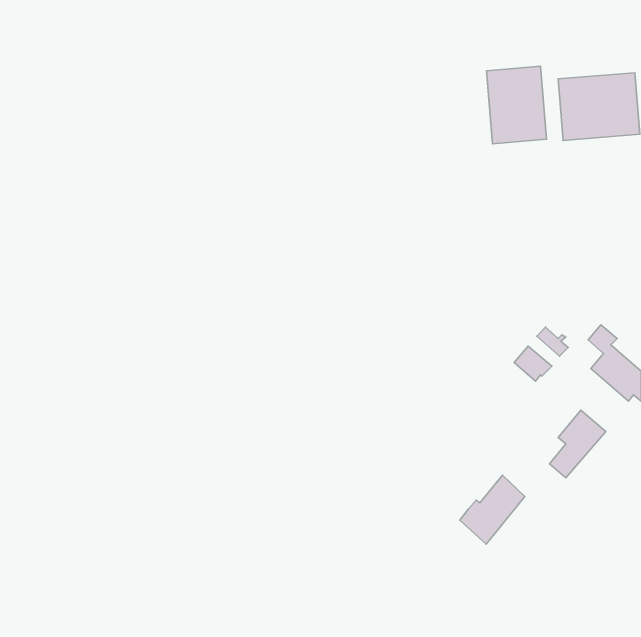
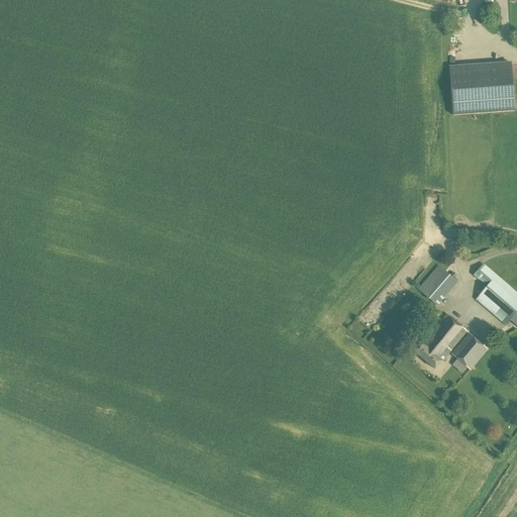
building: [486,66,546,144] -> none
building: [460,475,525,544] -> [413,312,466,368]

